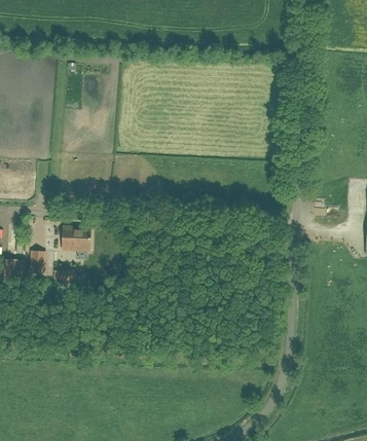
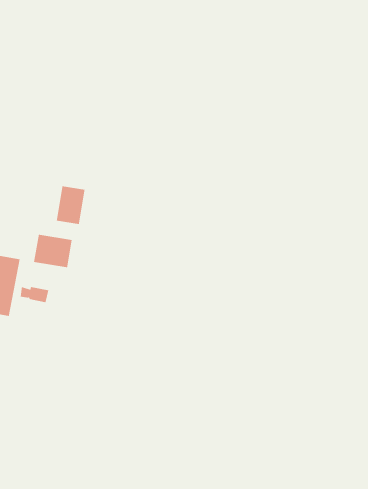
building: none -> [56,186,85,225]

